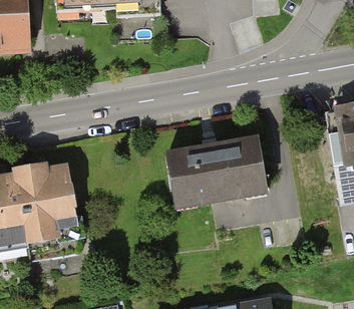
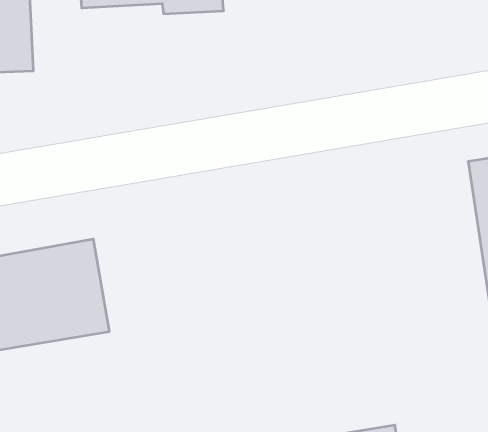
building: [166,144,264,201] -> none

